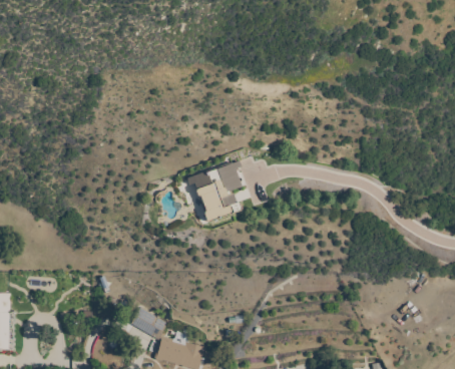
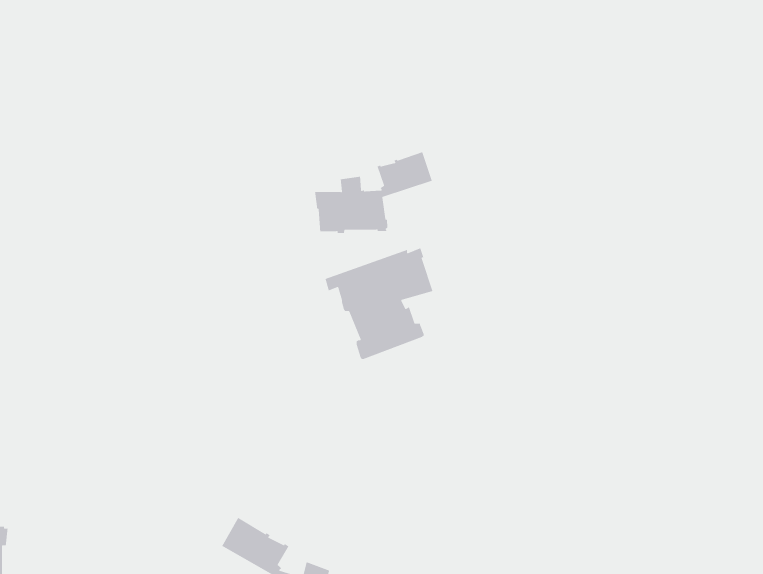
building: none -> [314,151,433,234]

